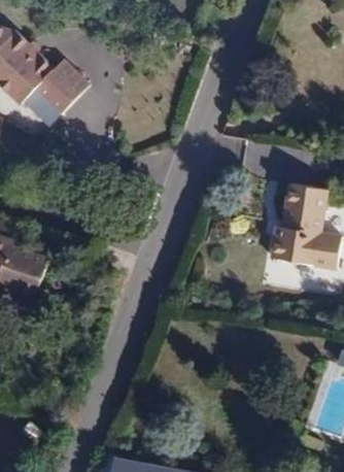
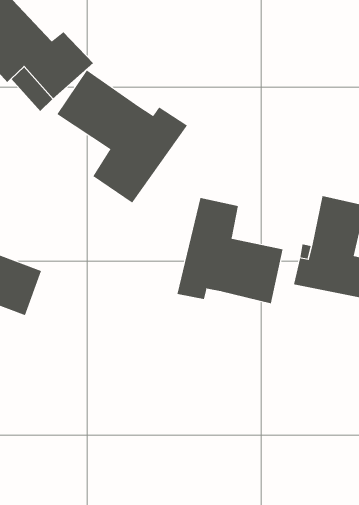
building: none -> [57,69,188,203]
building: none -> [177,197,283,304]

